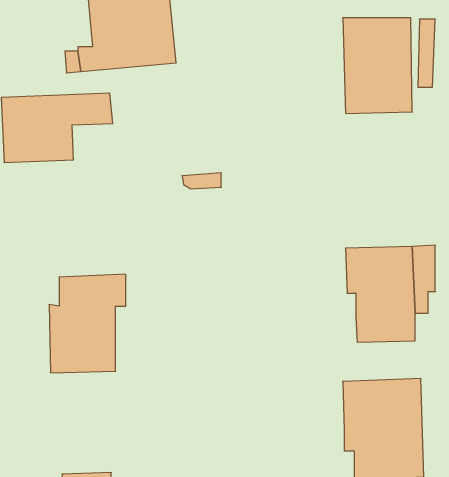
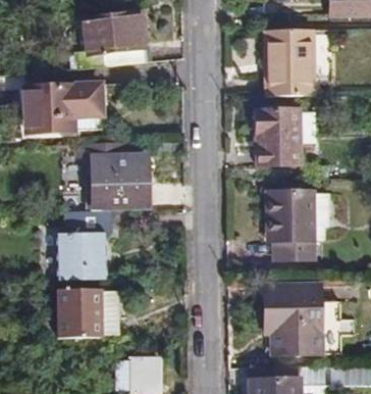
building: none -> [256,109,315,166]
building: none -> [73,143,151,210]
building: none -> [58,284,119,338]

